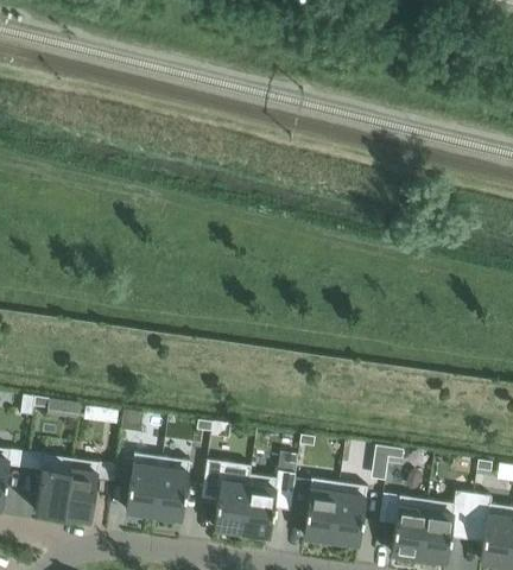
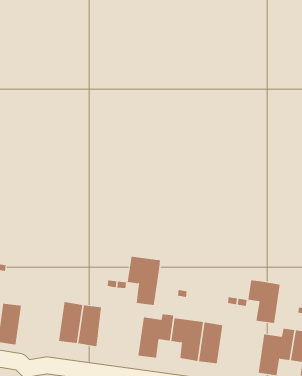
building: [64,460,100,521] -> none
building: [202,461,252,533] -> [127,256,161,306]
building: [379,494,428,558] -> [247,280,281,323]

